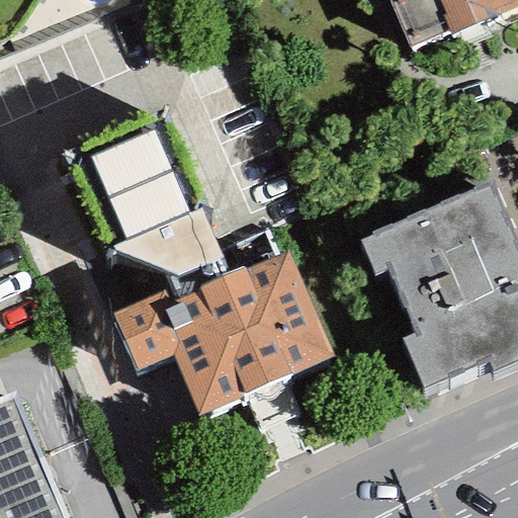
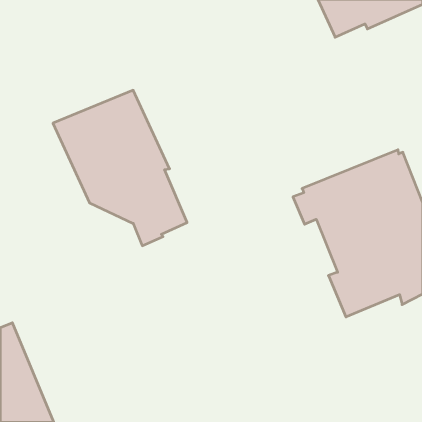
building: [111,254,333,417] -> none

